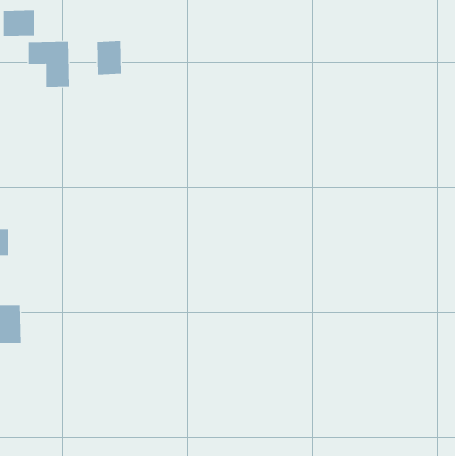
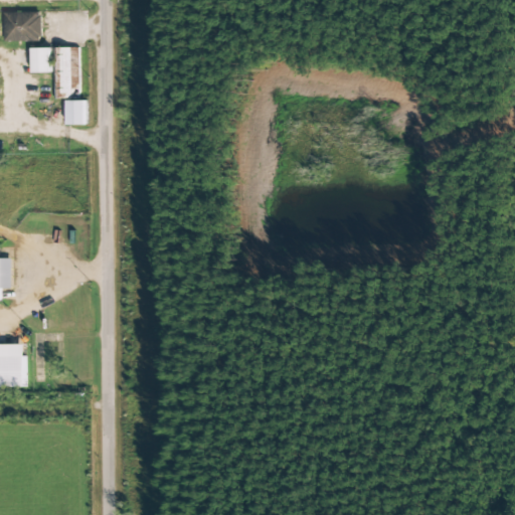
building: [97,40,121,75] -> none
building: none -> [65,100,84,125]

